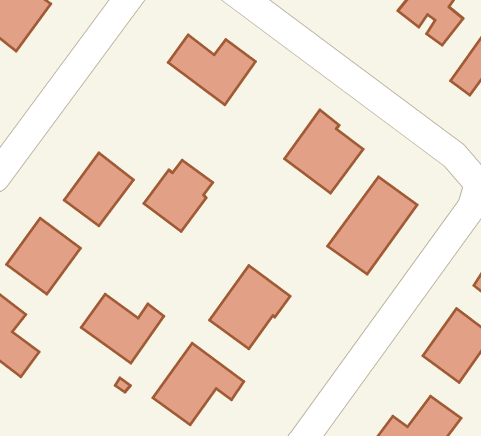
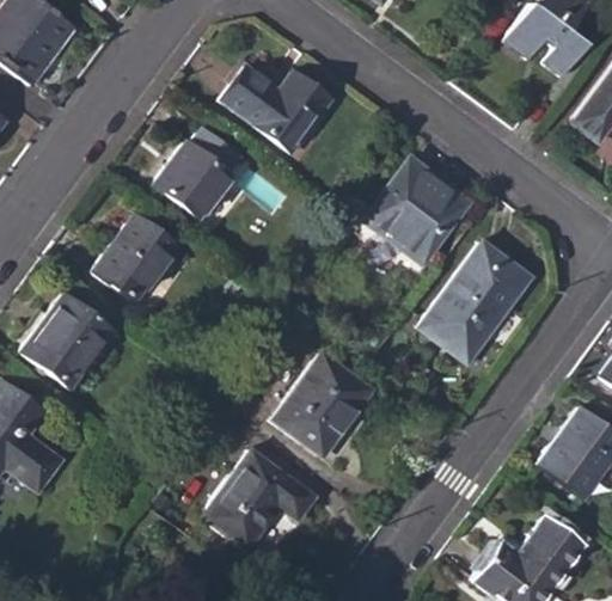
building: [144,160,213,231] -> [154,130,240,219]
building: [81,294,164,363] -> none

